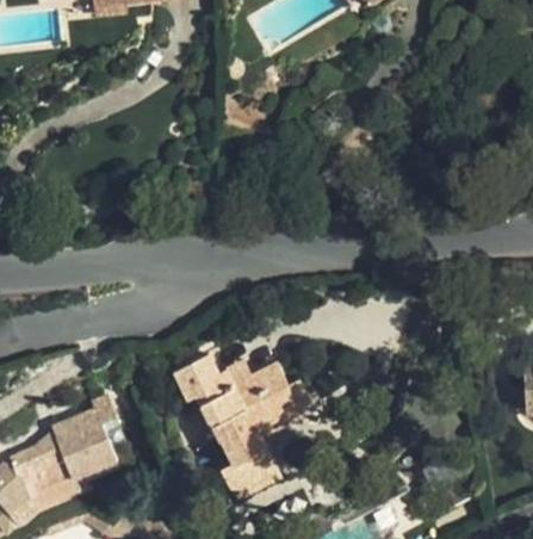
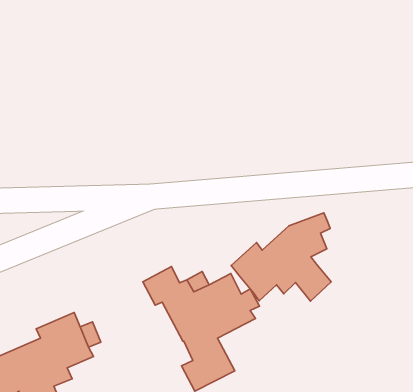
building: none -> [231,213,331,301]

